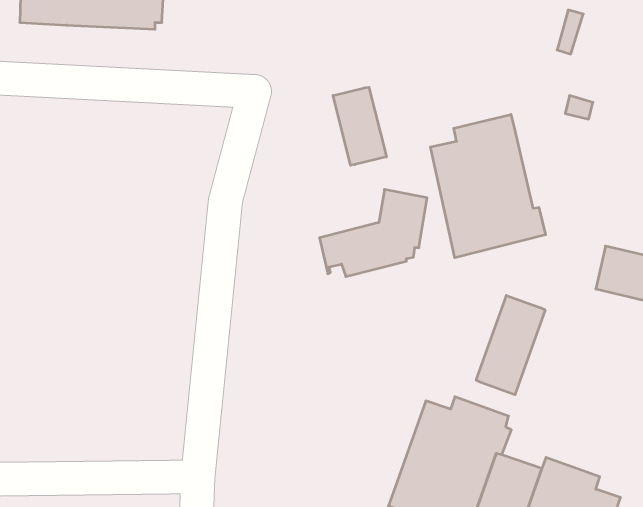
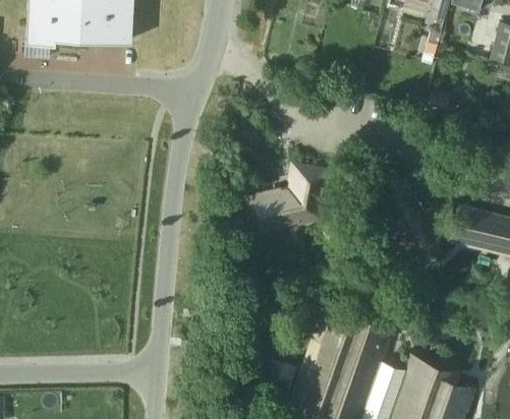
building: [333,87,386,165] -> none
building: [430,114,546,258] -> none
building: [476,295,545,395] -> none

